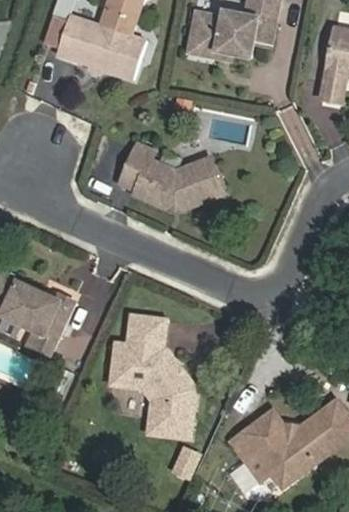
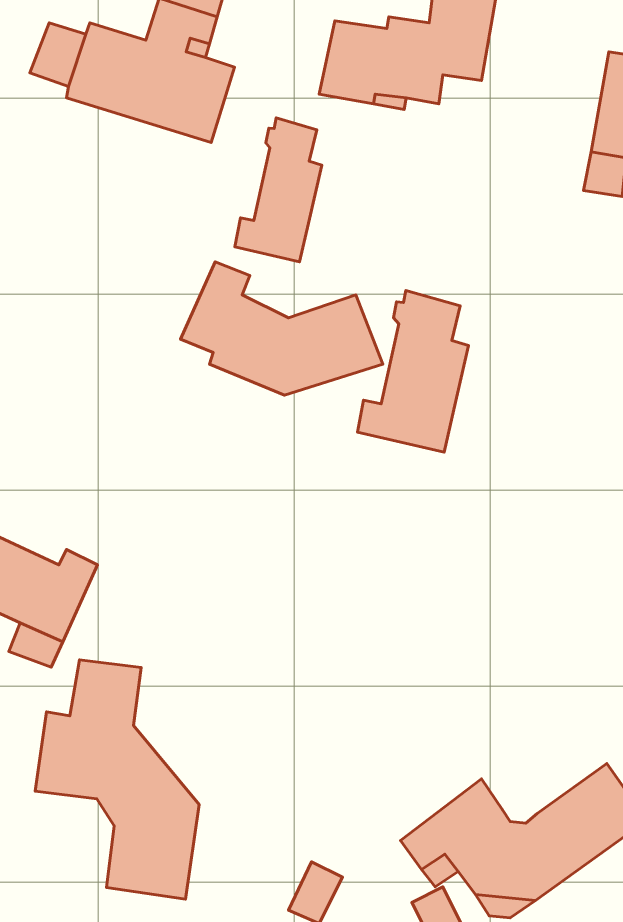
building: none -> [235,118,322,262]
building: none -> [357,290,468,452]
building: [108,313,193,437] -> [35,660,199,899]

